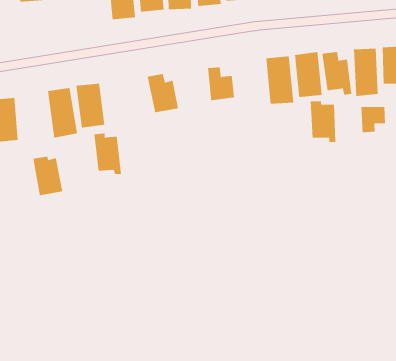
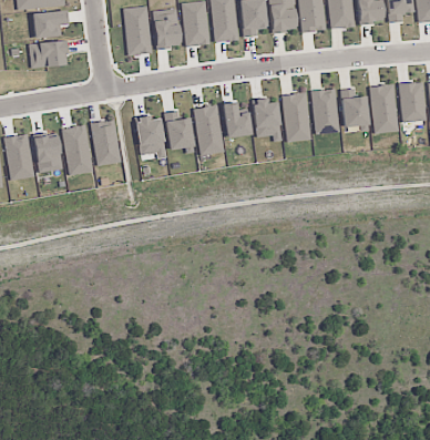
building: none -> [29,41,69,66]
building: none -> [193,104,225,155]
building: [310,101,336,142] -> [254,99,280,141]
building: [361,106,386,133] -> none
building: [93,133,122,175] -> [136,115,165,157]
building: [33,156,63,196] -> [32,133,63,173]

